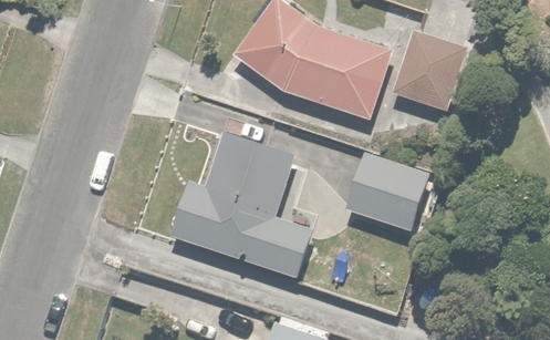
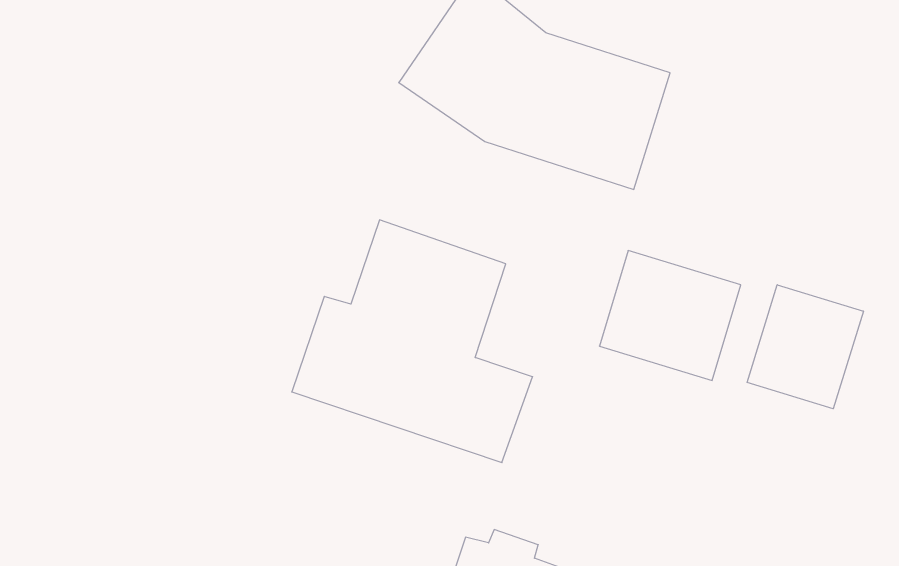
building: [394,33,468,111] -> none
building: none -> [747,285,863,409]

